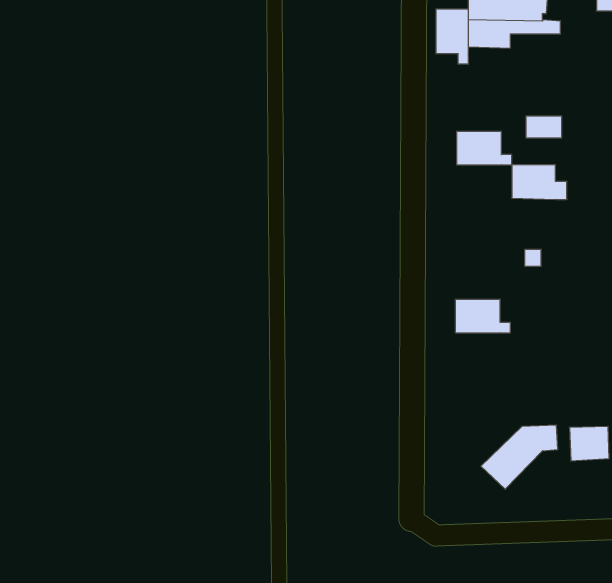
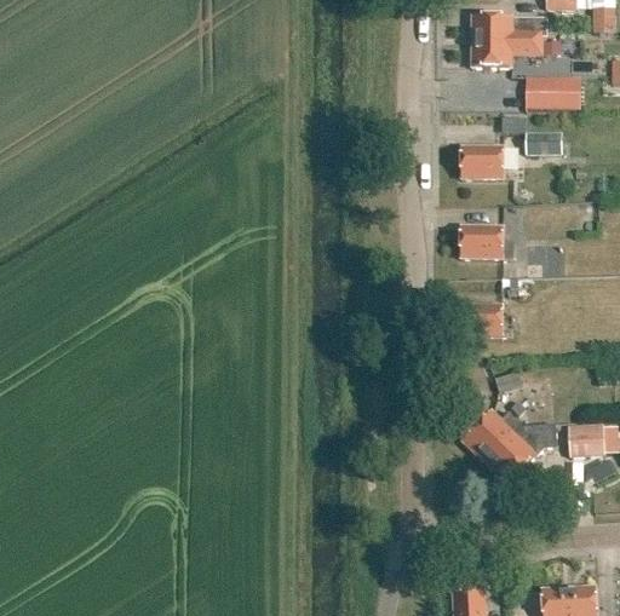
building: [436,9,468,64] -> none
building: none -> [524,75,570,108]
building: [512,165,567,199] -> [461,225,513,258]
building: none -> [463,411,523,462]

